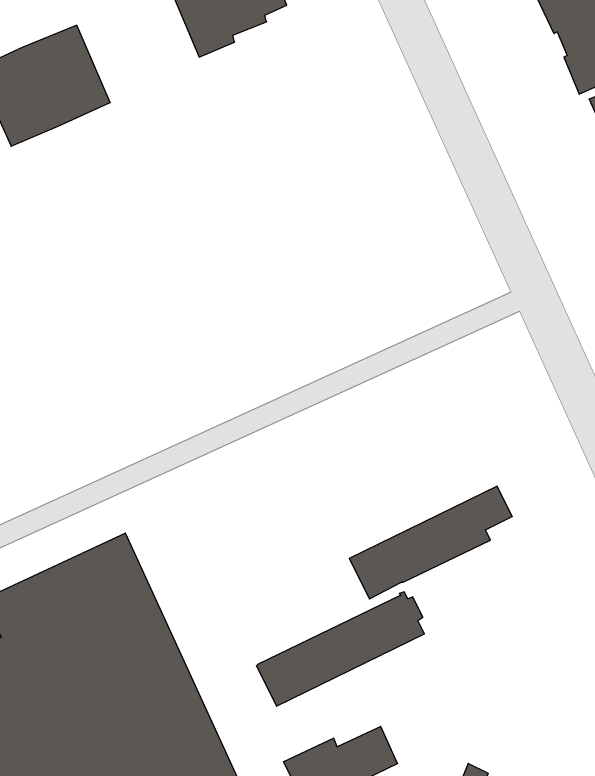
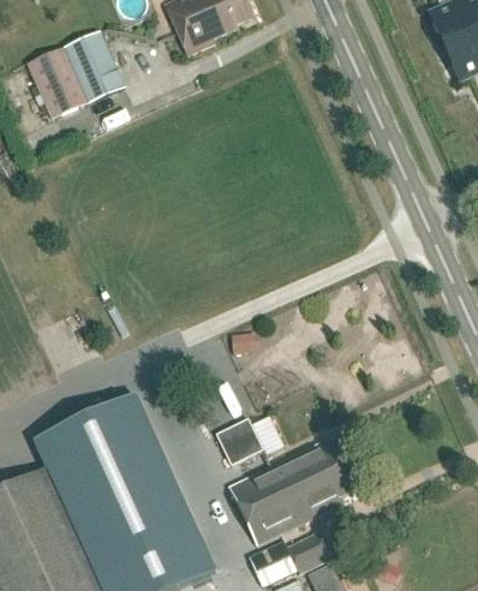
building: [349,486,512,599] -> [243,466,359,547]
building: none -> [215,418,263,465]

